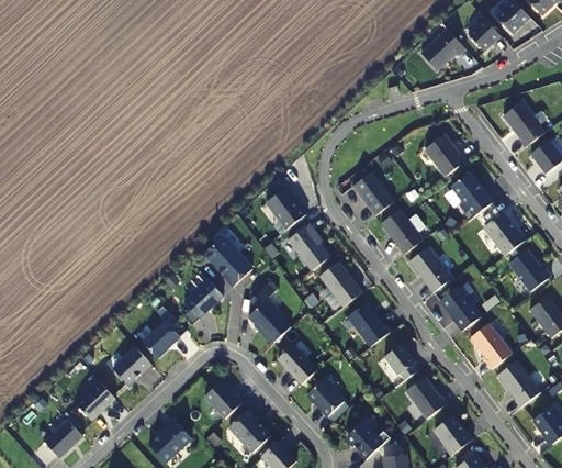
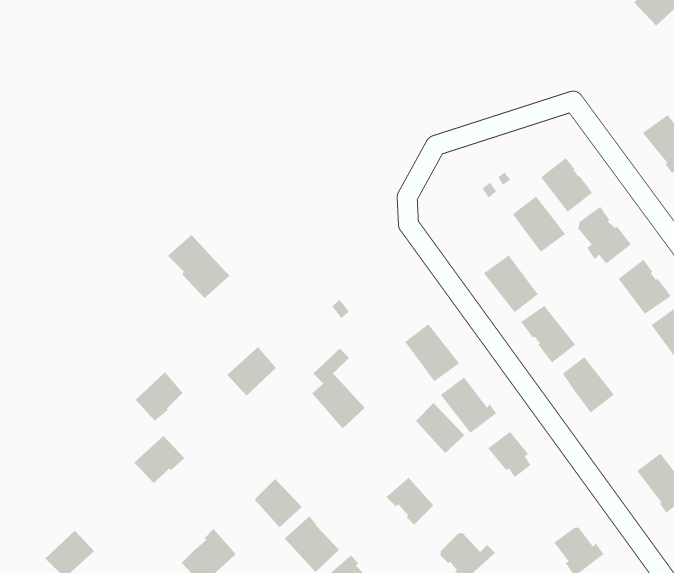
building: [468,19,501,52] -> none
building: [420,29,465,70] -> none
building: [352,171,394,215] -> [512,195,566,253]
building: [266,187,306,230] -> none
building: [286,223,330,270] -> none
building: [203,236,251,286] -> [167,234,230,299]
building: [142,320,179,358] -> [135,371,184,421]
building: [470,323,512,369] -> none
building: [278,344,316,383] -> [415,402,465,454]
building: [405,376,446,419] -> none
building: [75,380,114,420] -> none

